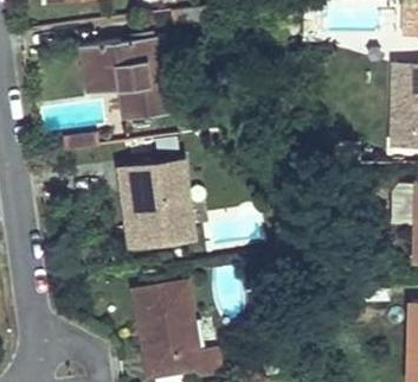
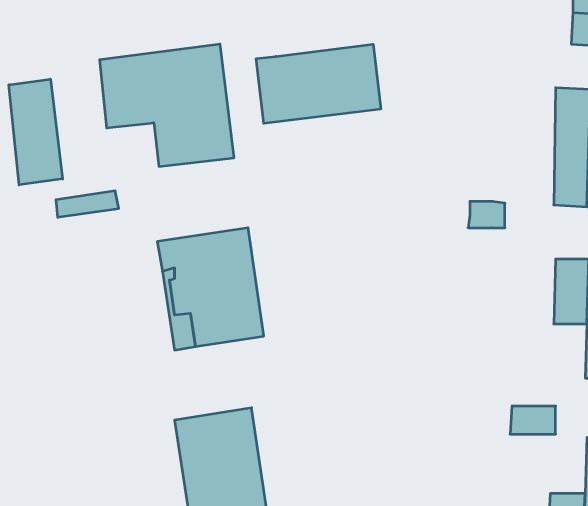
building: none -> [256,44,381,123]
building: none -> [9,79,63,185]

